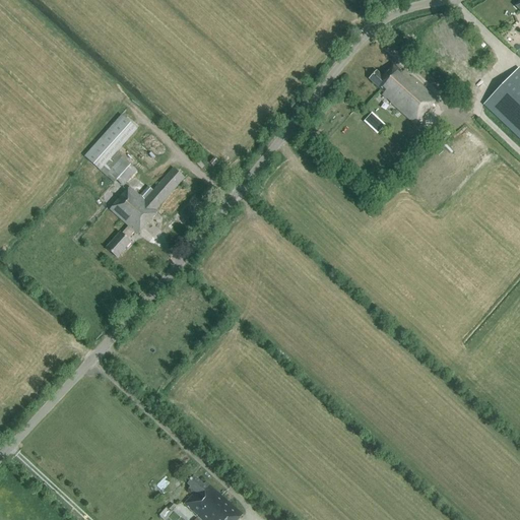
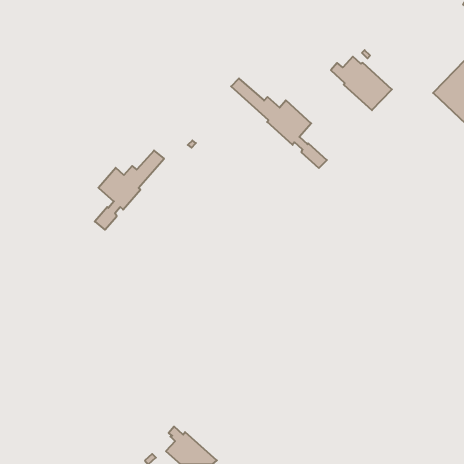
building: none -> [231,78,327,168]
building: [84,114,137,184] -> none

